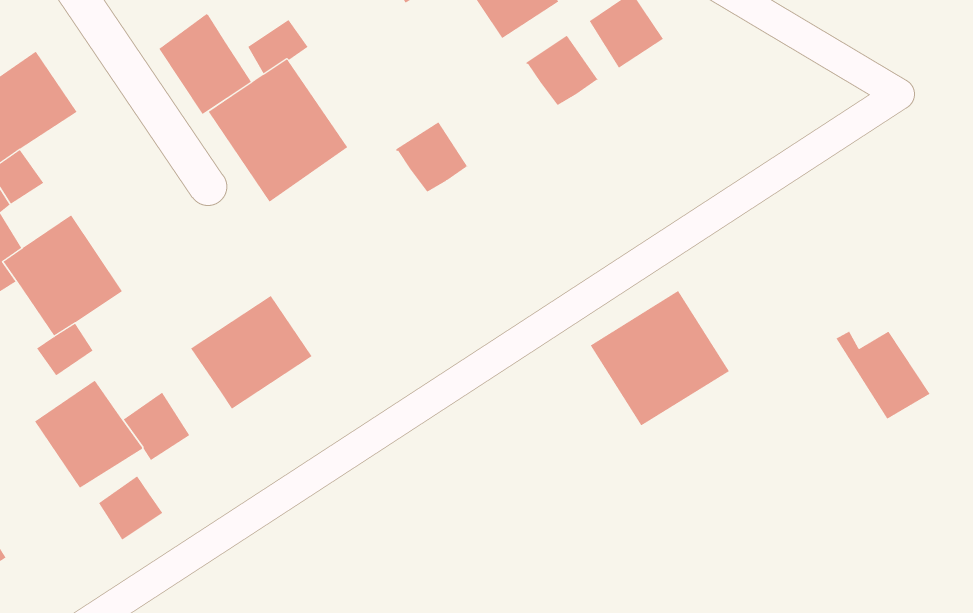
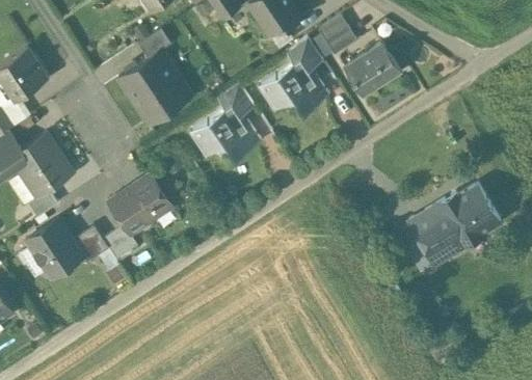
building: [158,13,252,115] -> none
building: none -> [344,44,400,97]
building: none -> [258,63,329,112]
building: none -> [189,109,261,158]
building: [590,290,730,426] -> [401,198,475,270]
building: [98,475,163,541] -> [103,226,137,261]

